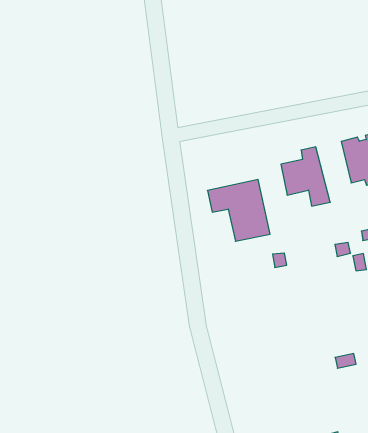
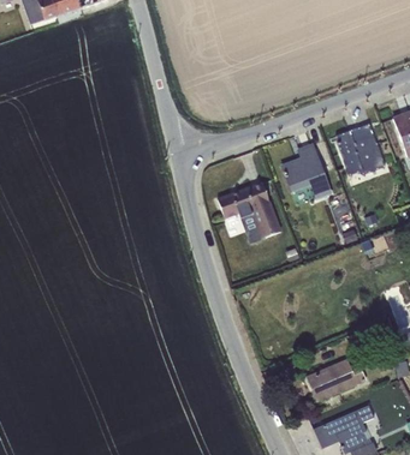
building: none -> [305,358,367,401]

